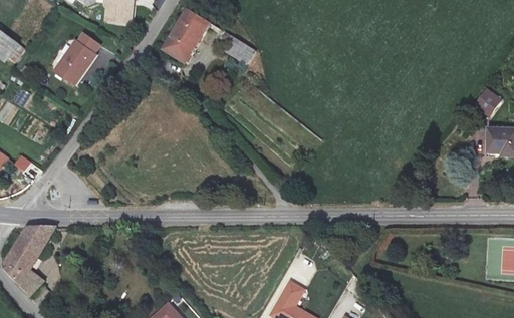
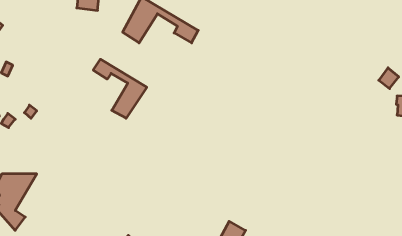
building: [55,38,95,81] -> none
building: none -> [93,59,147,118]

